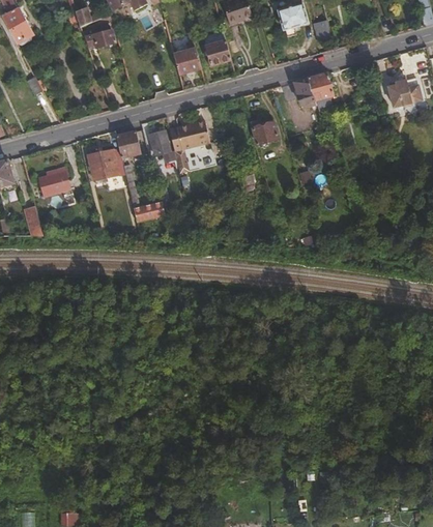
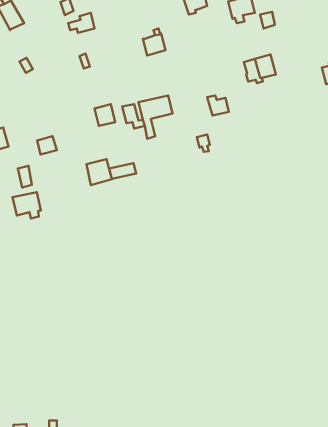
building: [205,39,232,65] -> none
building: [88,148,118,179] -> [87,159,112,185]
building: none -> [13,192,41,219]

